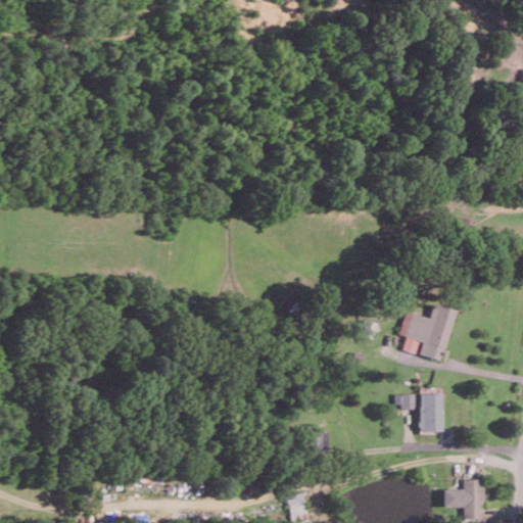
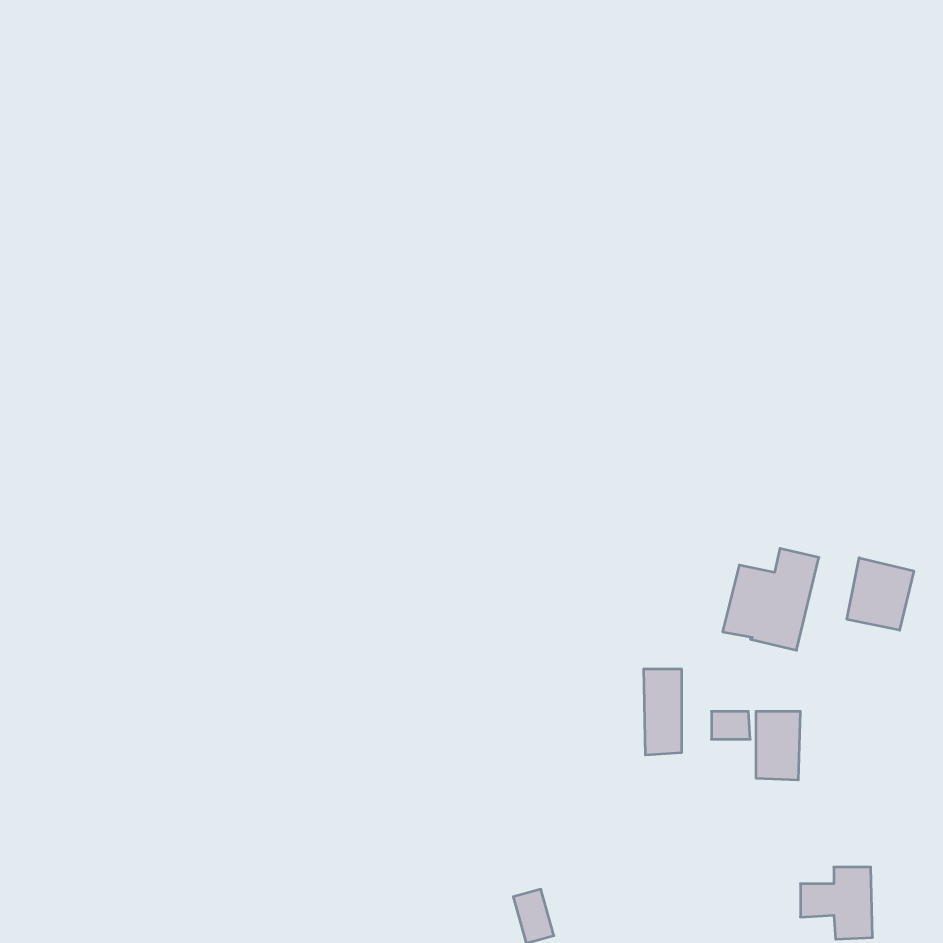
building: none -> [847,558,914,630]
building: none -> [644,669,681,755]

